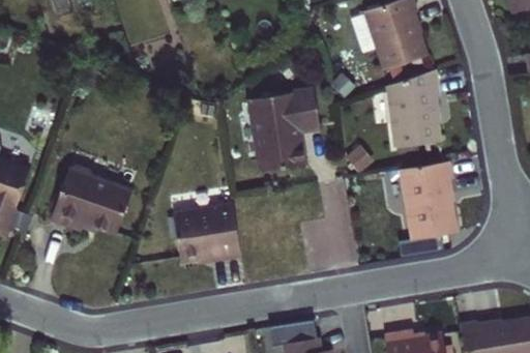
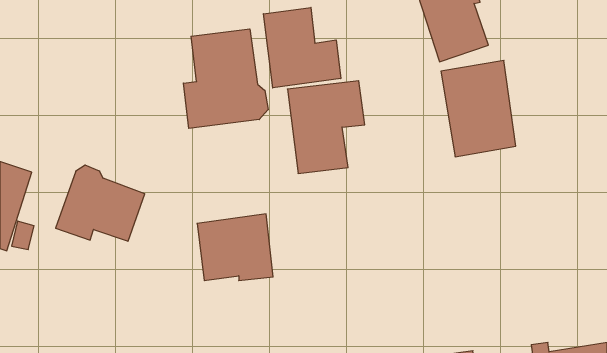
building: none -> [263,7,341,88]
building: none -> [183,29,268,128]
building: [400,163,455,237] -> none

